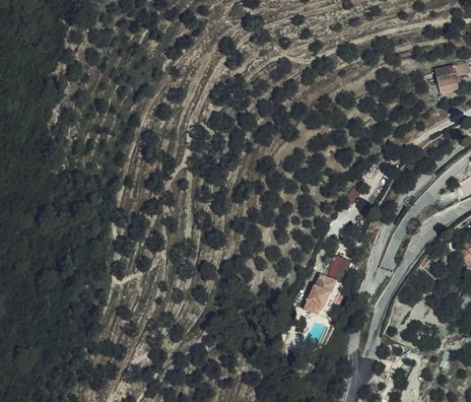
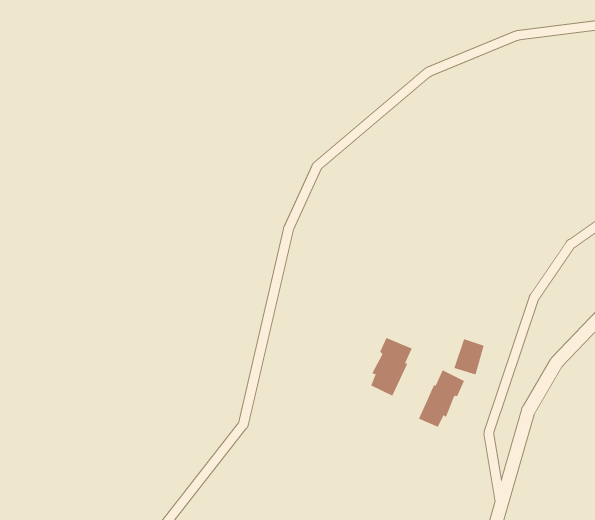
building: none -> [370,337,413,396]

